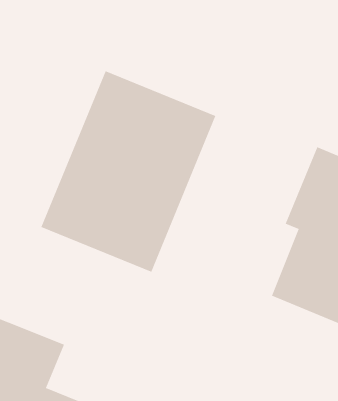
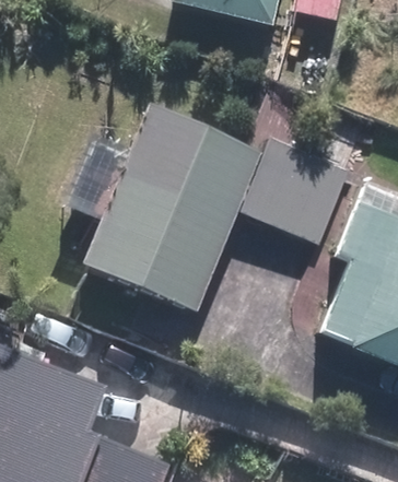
building: none -> [242,138,348,244]

